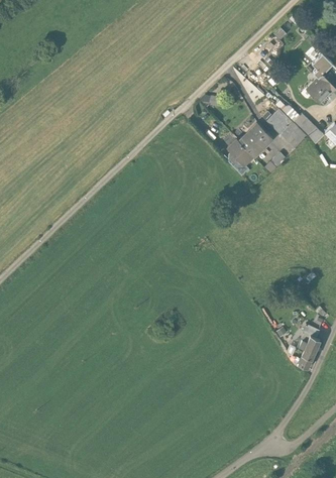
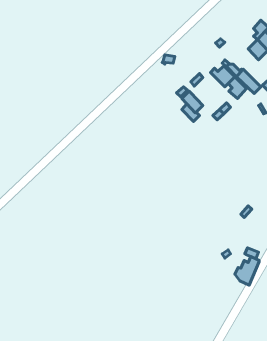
building: [238,123,271,156] -> none

